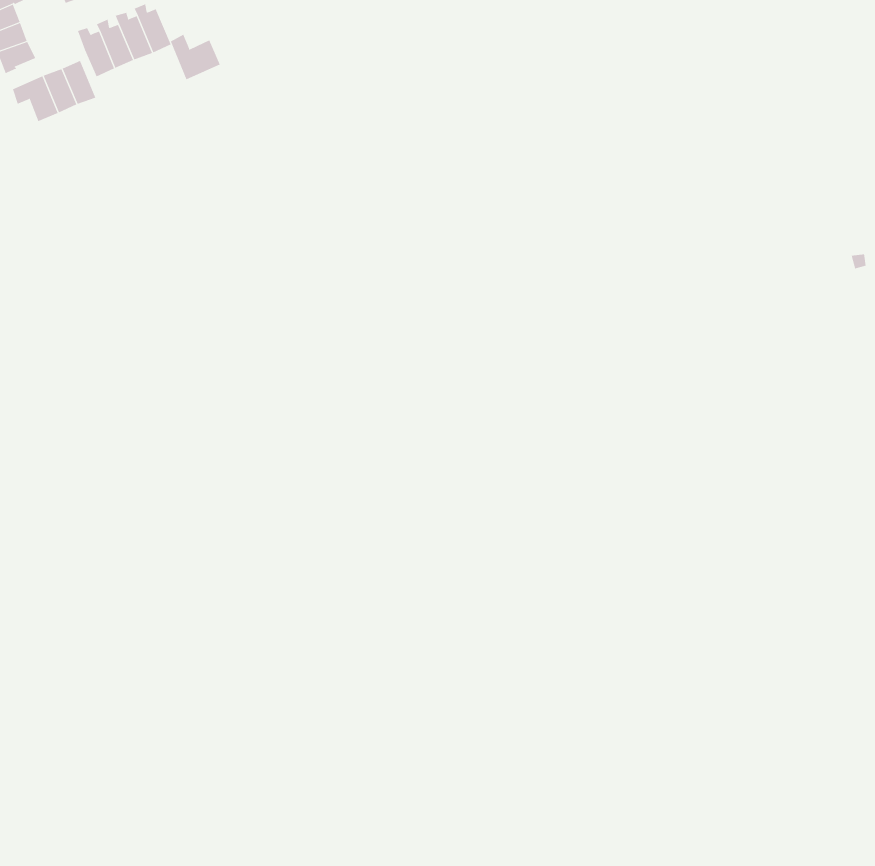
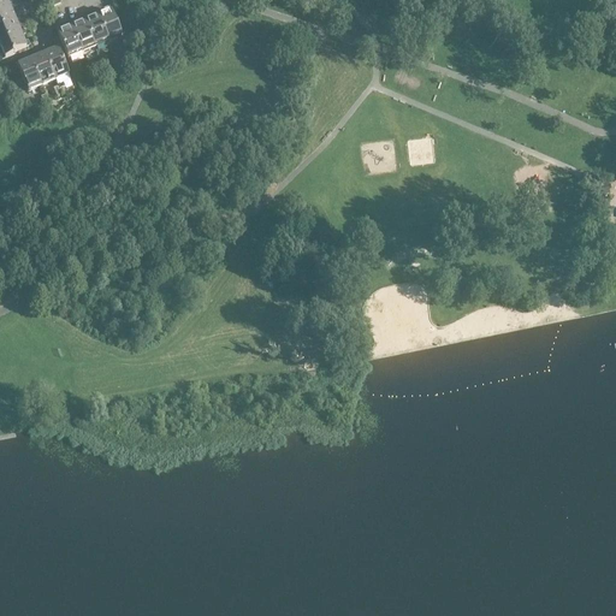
building: [170,34,221,80] -> none

